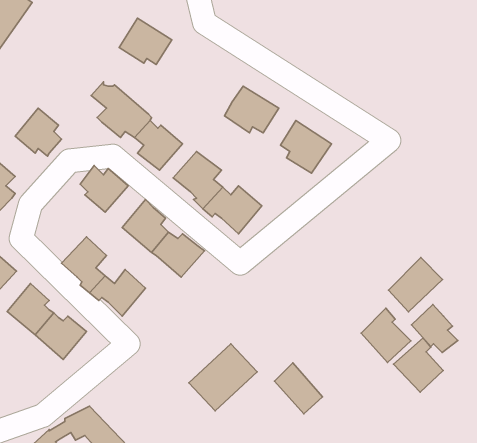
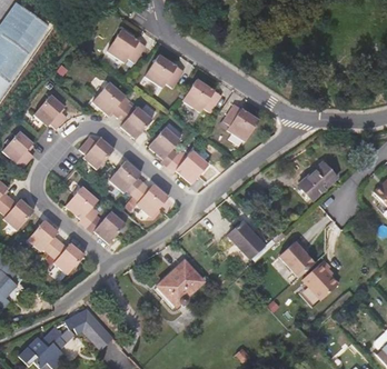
building: none -> [145,54,183,88]
building: [388,258,443,312] -> [300,159,339,198]
building: [411,304,458,352] -> none
building: [274,363,322,414] -> [229,221,264,258]

